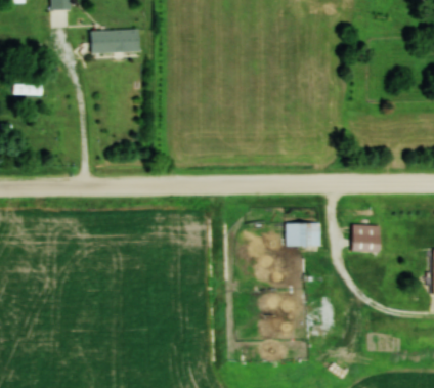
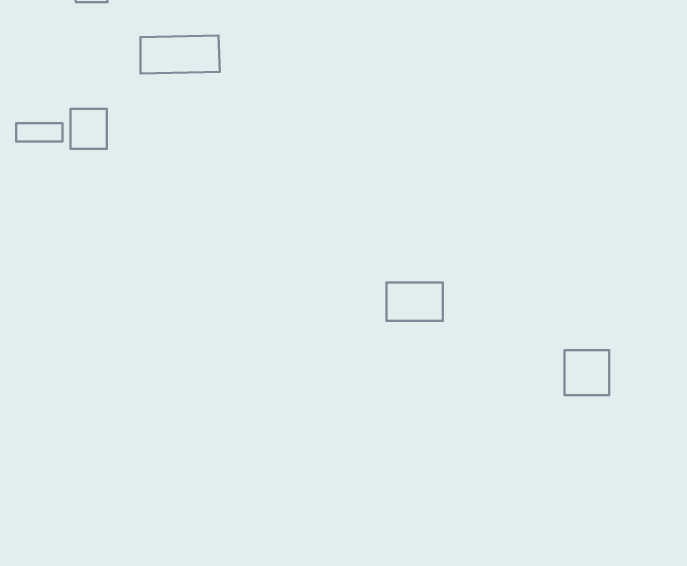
building: none -> [71,109,107,149]
building: [286,222,320,246] -> [386,283,443,321]

